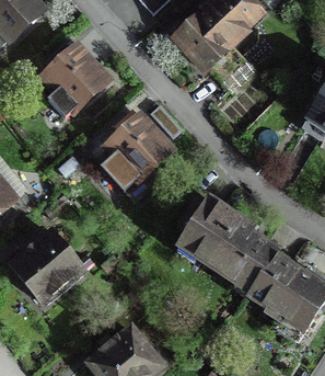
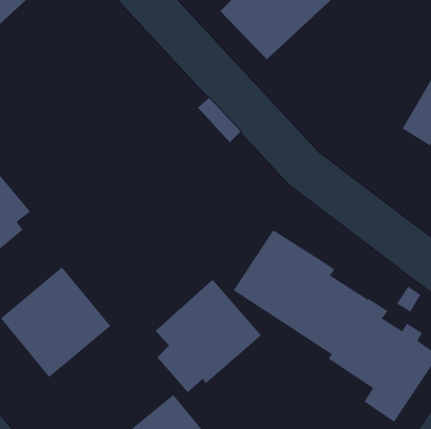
building: [35,38,114,117] -> none
building: [98,107,177,192] -> [155,279,262,393]

